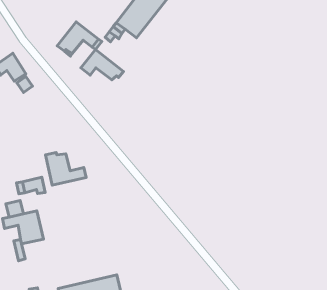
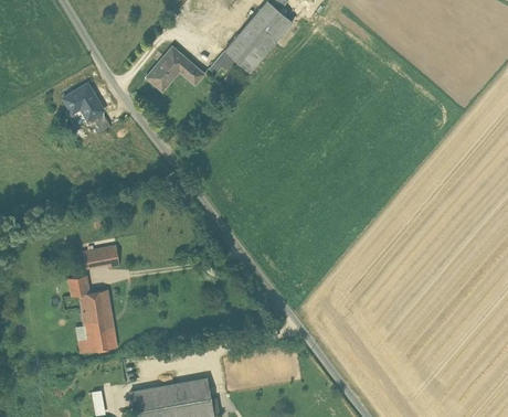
building: [81,50,123,80] -> none
building: [45,153,86,185] -> none
building: none -> [85,327,117,351]

